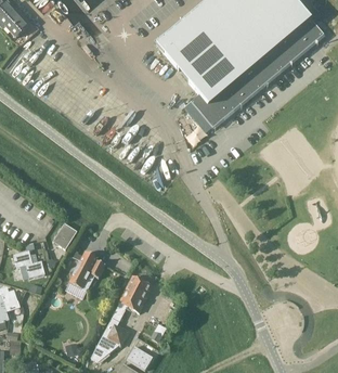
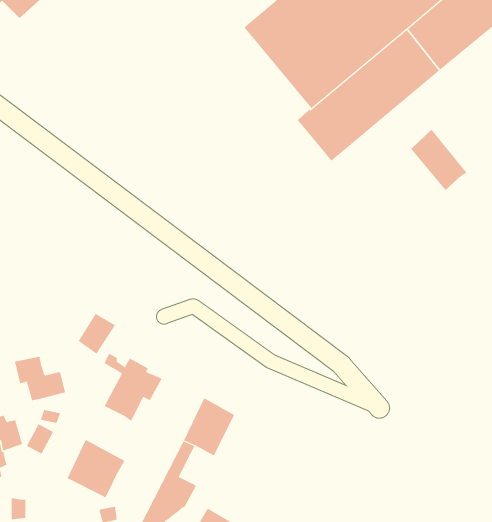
building: none -> [410,129,467,191]
building: none -> [67,439,125,498]

